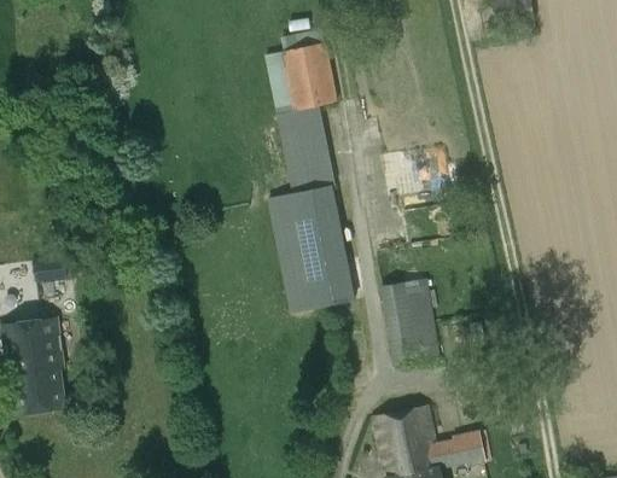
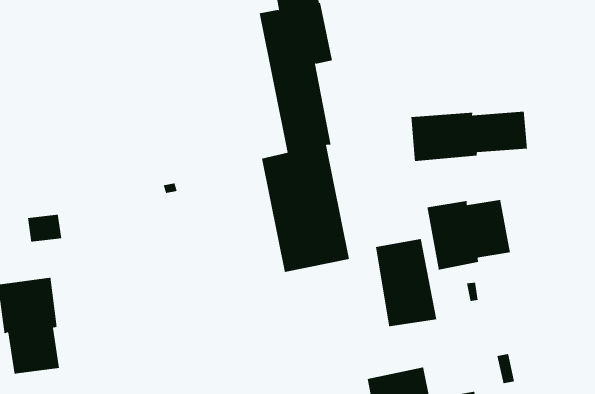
building: none -> [411,111,528,162]
building: none -> [427,199,511,271]

